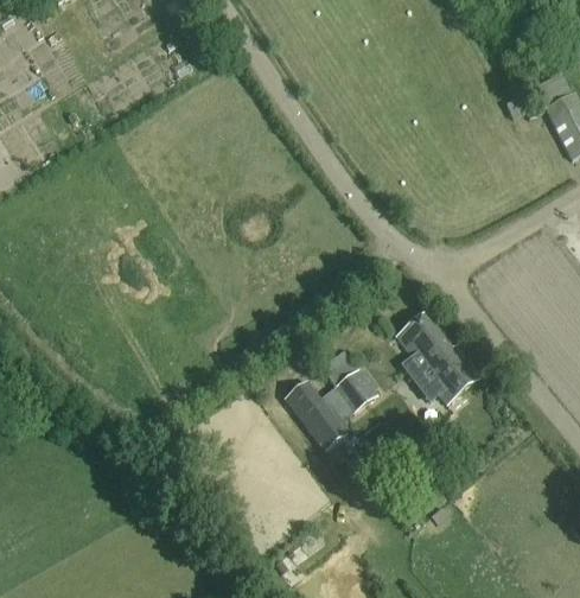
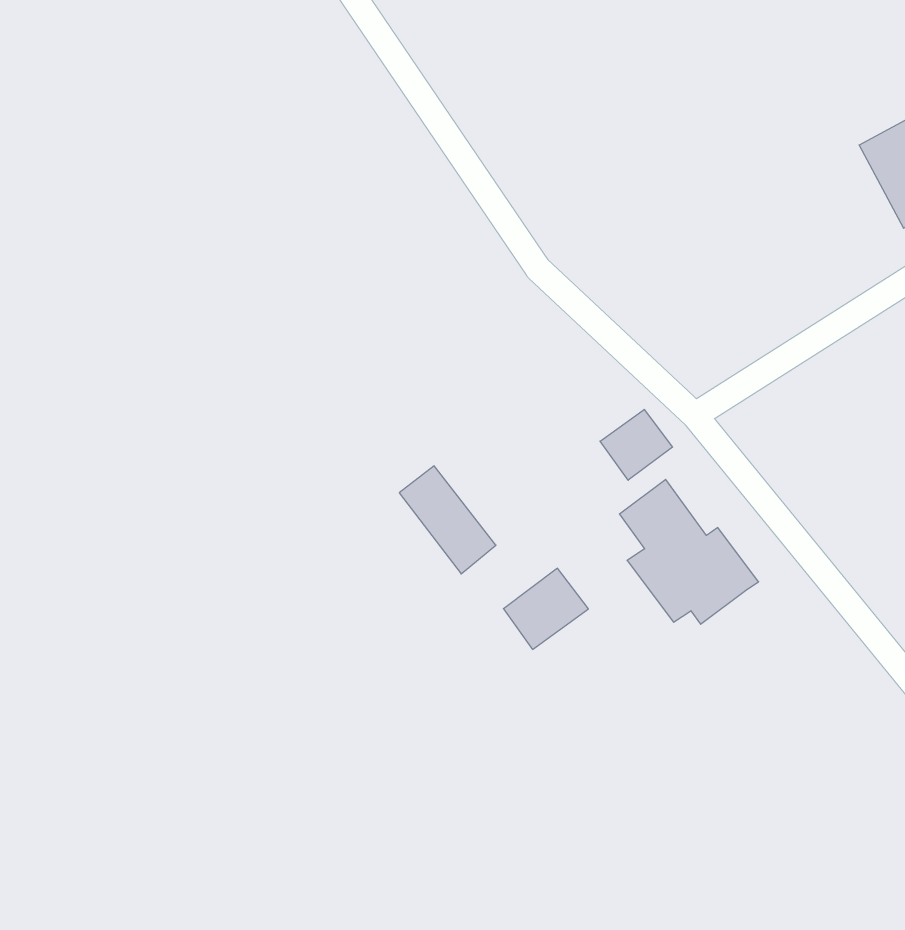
building: none -> [600,409,673,480]
building: [286,382,345,448] -> [399,466,496,574]

